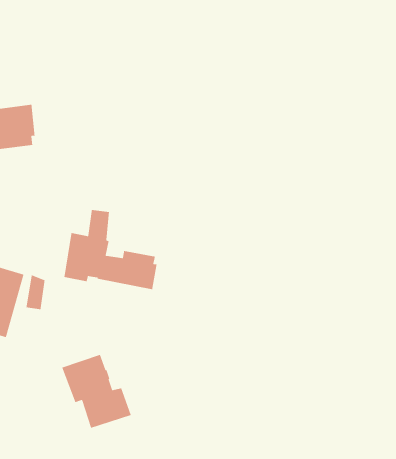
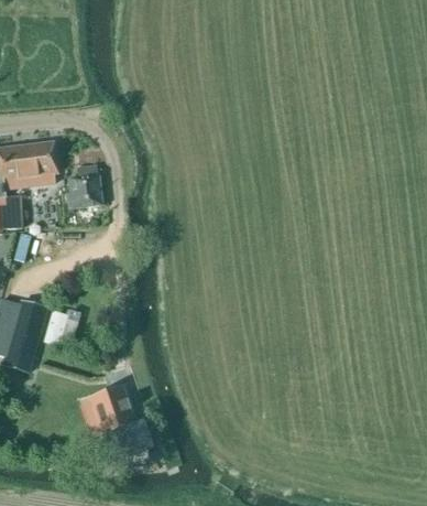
building: none -> [67,164,101,207]
building: [63,209,157,290] -> none

